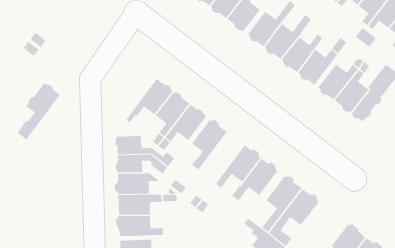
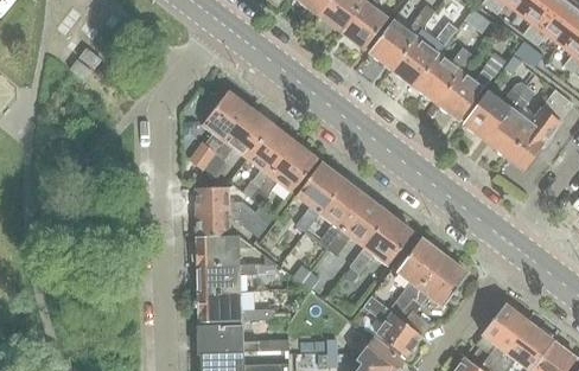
building: [16,82,61,142] -> [189,92,248,172]
building: none -> [317,181,365,250]

